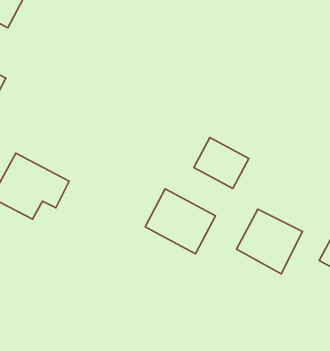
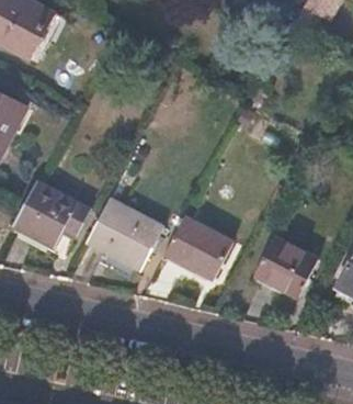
building: [194,137,249,188] -> none
building: none -> [87,200,162,271]

